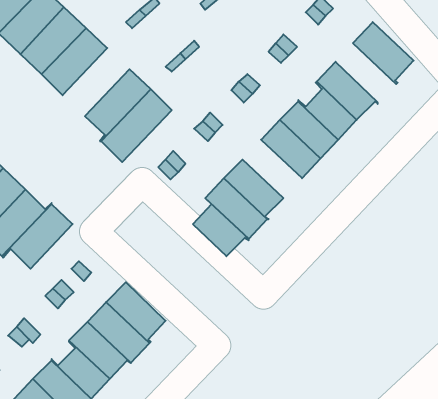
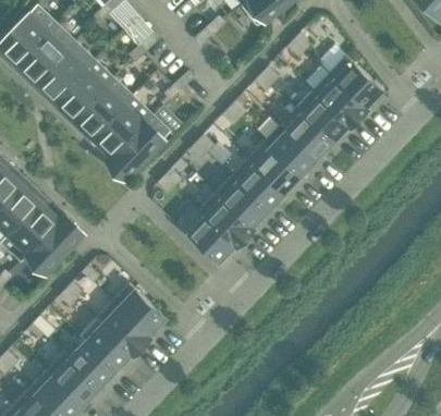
building: none -> [314,75,367,127]
building: none -> [74,79,133,139]
building: none -> [232,160,284,211]

